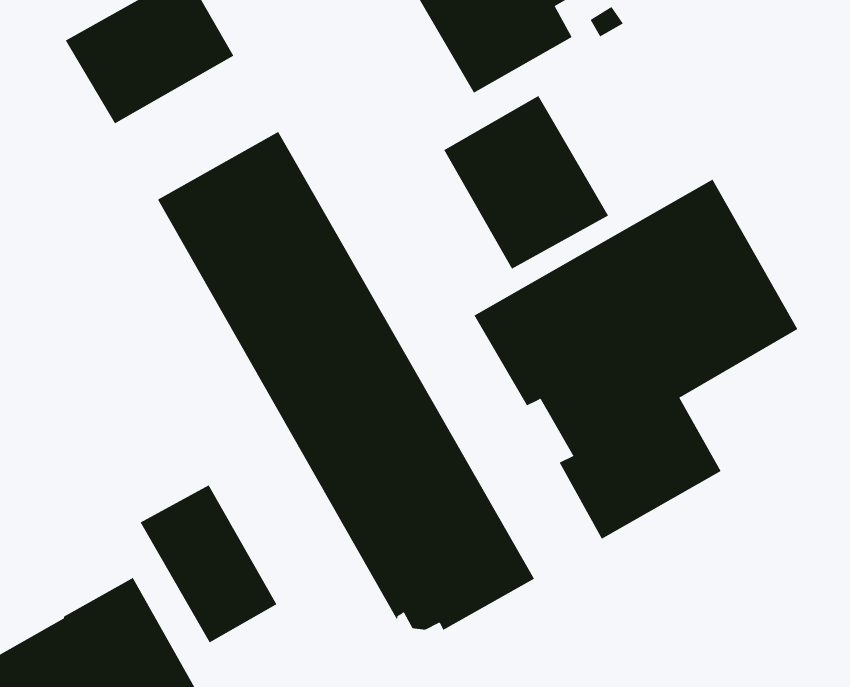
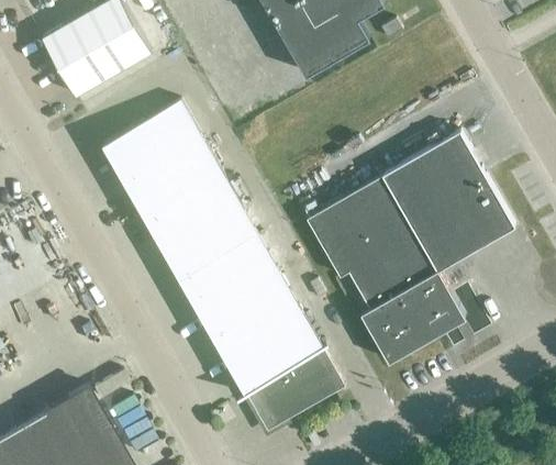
building: [443,95,609,270] -> none
building: [140,485,277,643] -> none

